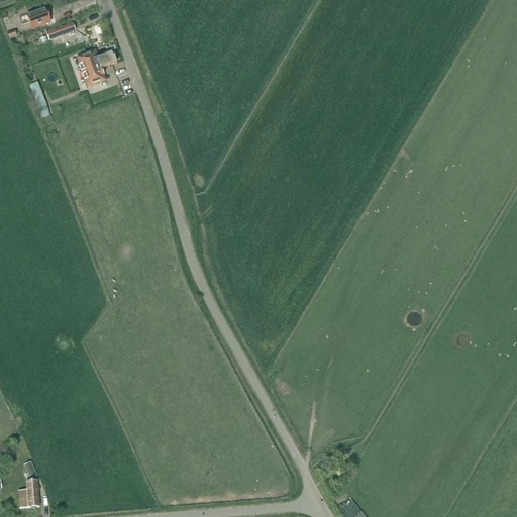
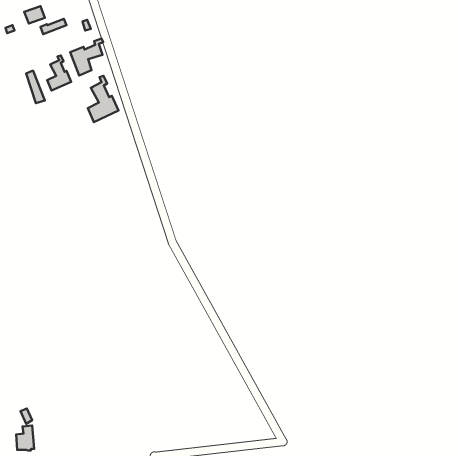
building: none -> [47,55,71,91]
building: none -> [88,76,118,122]

